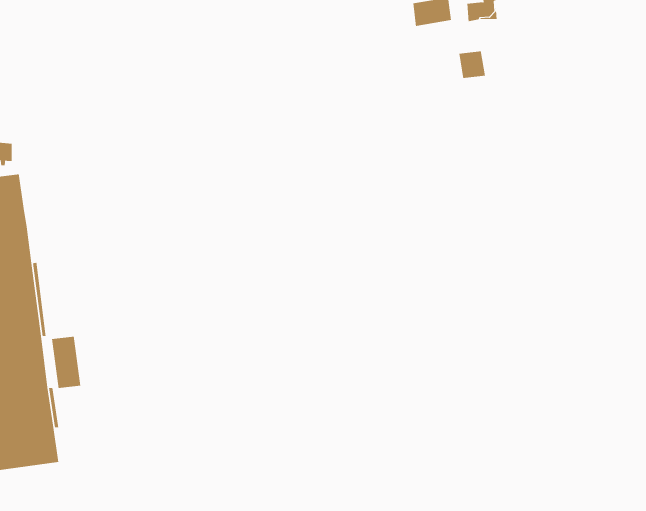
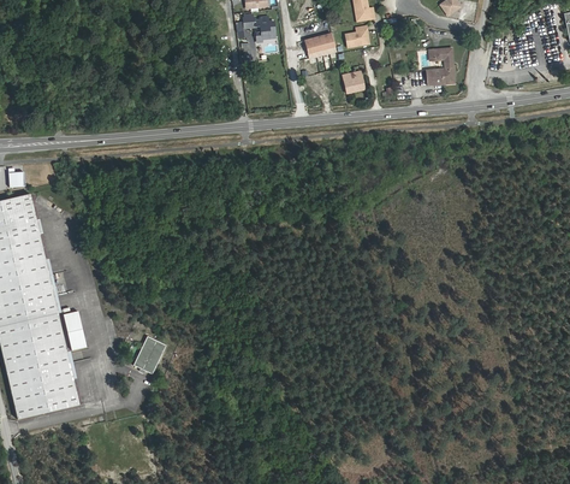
building: none -> [426,47,455,85]
building: none -> [135,337,165,372]

